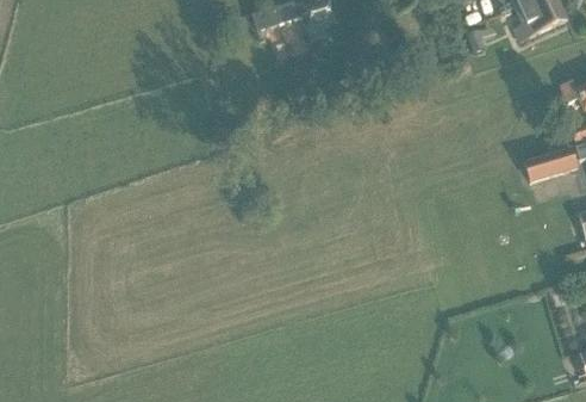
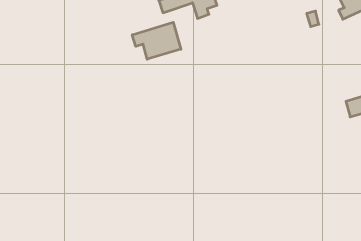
building: none -> [132,22,181,59]

